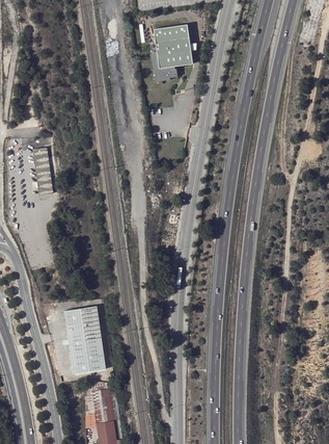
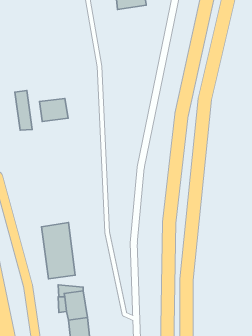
building: [149,45,192,81] -> none
building: none -> [40,98,68,122]

